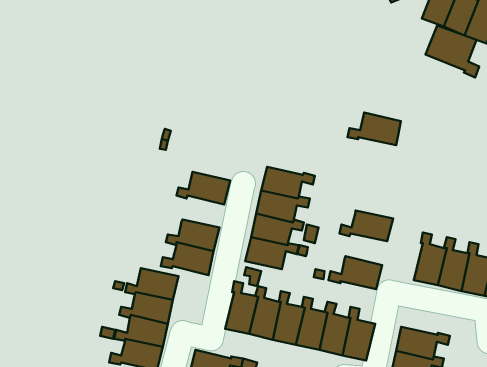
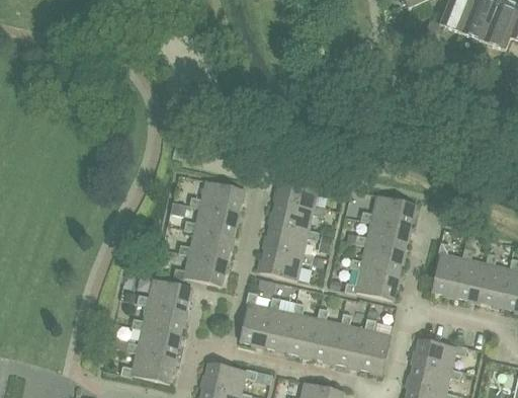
building: [426,26,479,77] -> none
building: [347,112,401,145] -> [360,194,415,228]
building: none -> [183,205,238,237]
building: none -> [349,243,404,275]

